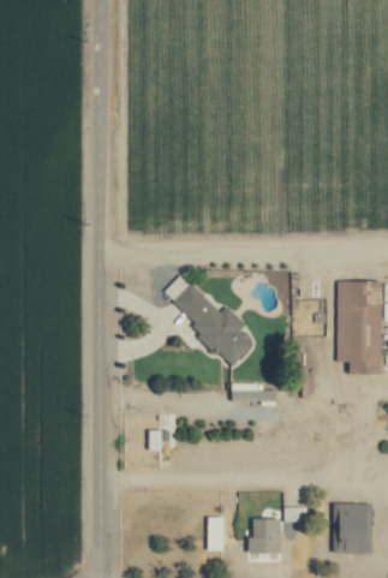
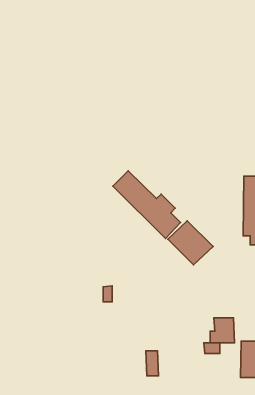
building: none -> [168,221,213,265]
building: [247,519,280,553] -> [210,318,234,343]

